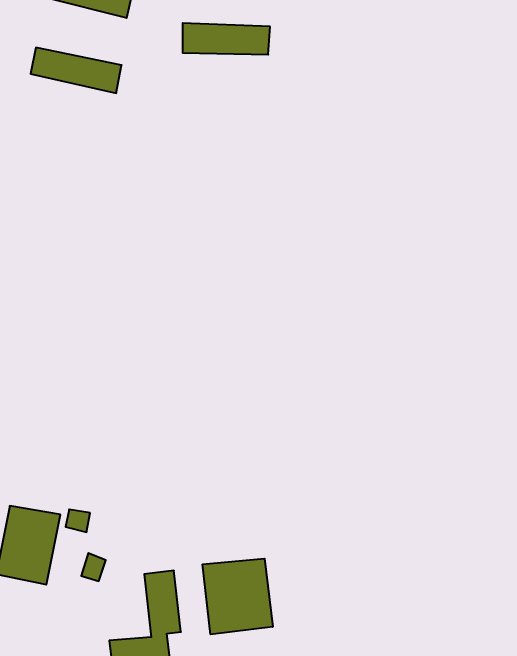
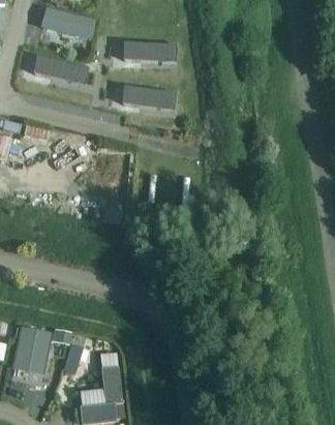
building: none -> [121,86,175,109]
building: [203,559,273,634] -> none

